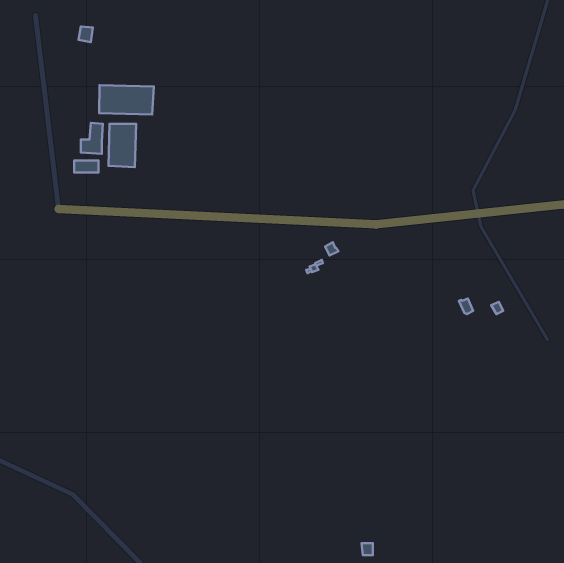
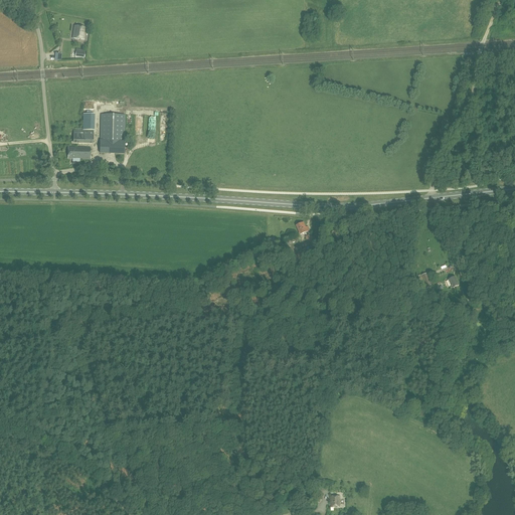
building: [99,85,154,115] -> none

